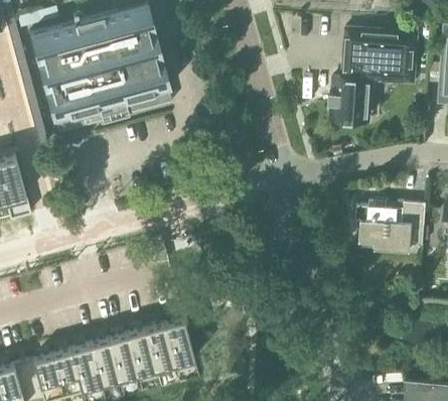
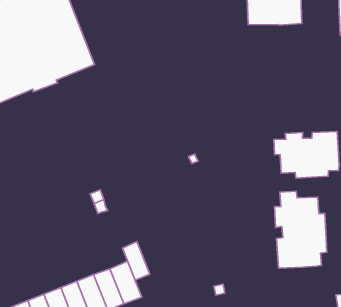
building: [330,78,376,122] -> none
building: none -> [275,191,327,268]
building: none -> [122,242,150,280]

